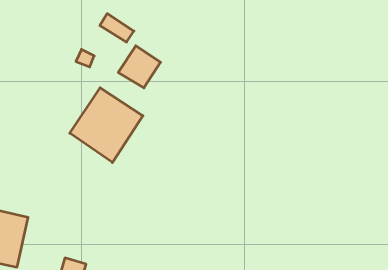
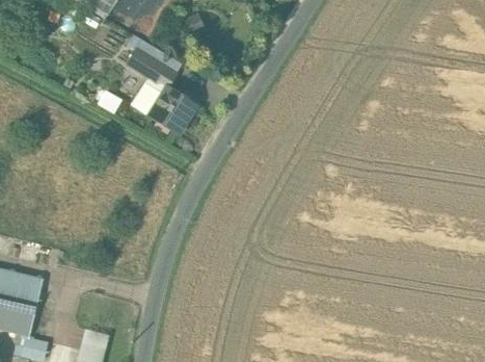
building: [70,88,143,163] -> none

